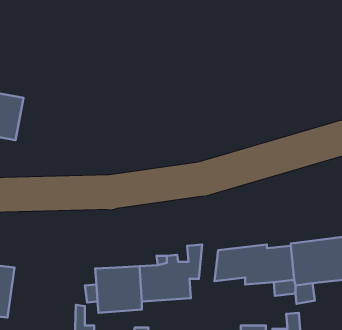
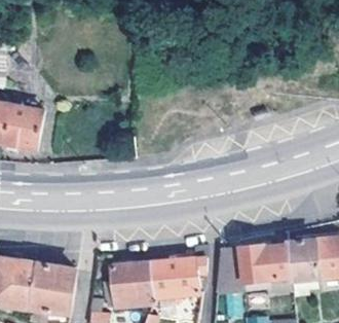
building: none -> [31,264,75,315]

